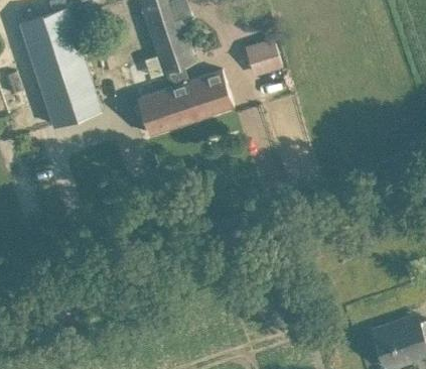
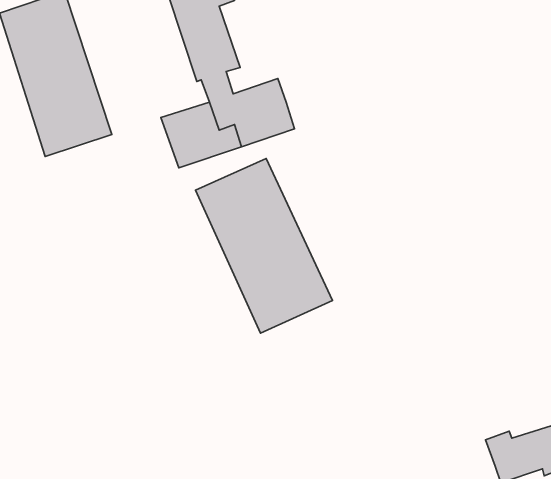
building: [242,38,282,77] -> none
building: none -> [195,159,333,333]

